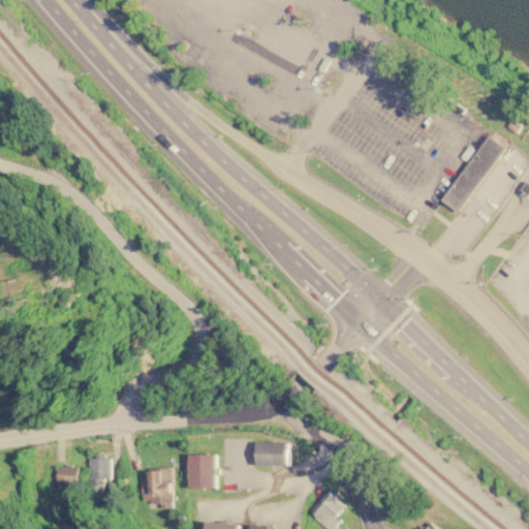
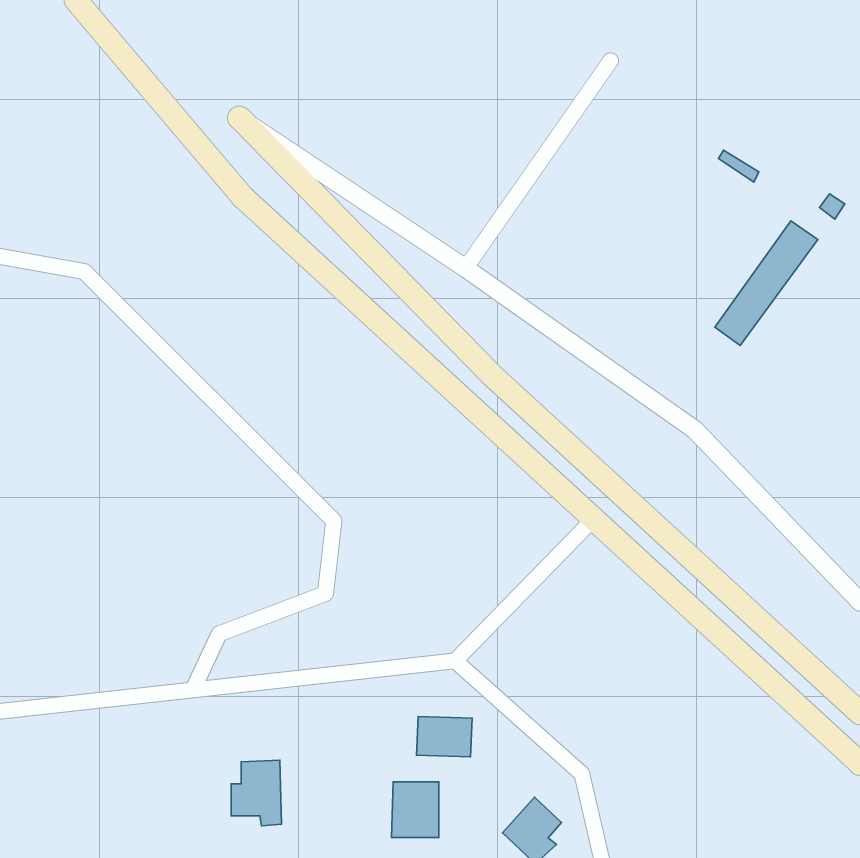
building: [188,455,217,489] -> [391,782,439,838]
building: [89,457,111,493] -> none
building: [57,466,77,490] -> none

